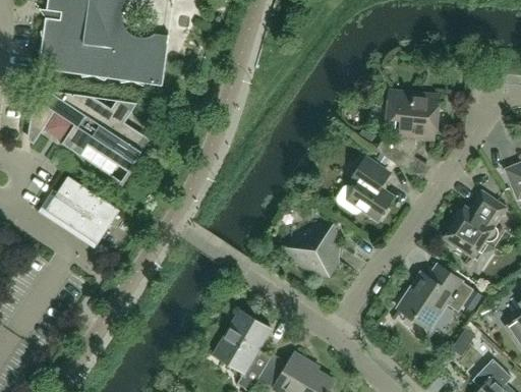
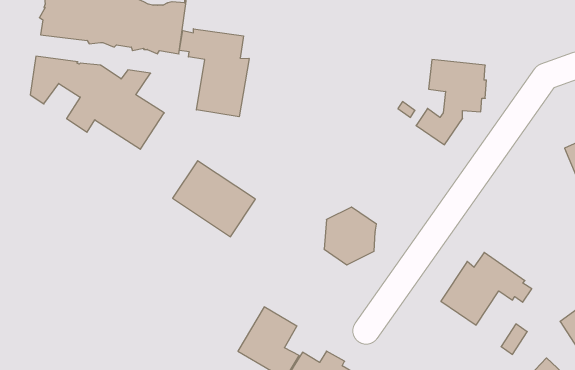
building: none -> [179,29,249,117]
building: [338,158,393,219] -> none
building: [46,175,120,243] -> [173,161,255,237]
building: [445,190,507,257] -> none

